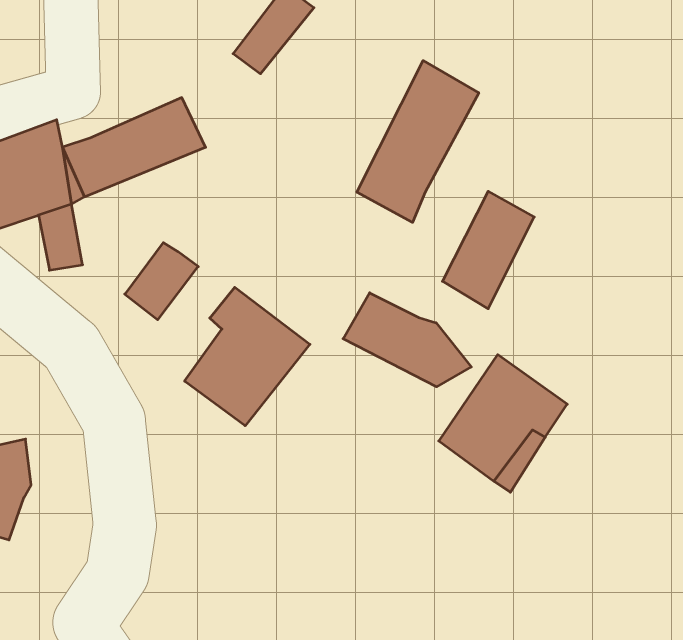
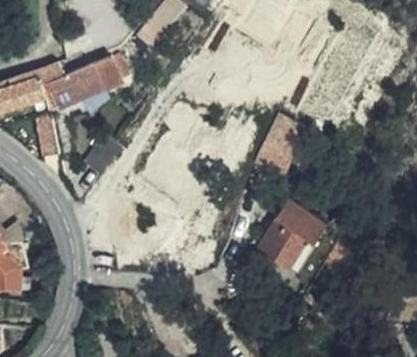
building: [357,61,479,222] -> none
building: [185,287,310,426] -> none
building: [343,293,471,387] -> none

